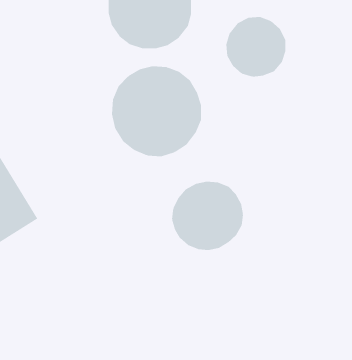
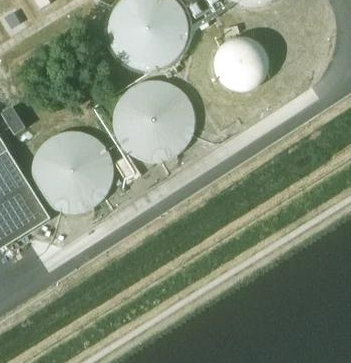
building: none -> [31,132,112,212]
building: [172,181,243,251] -> none

